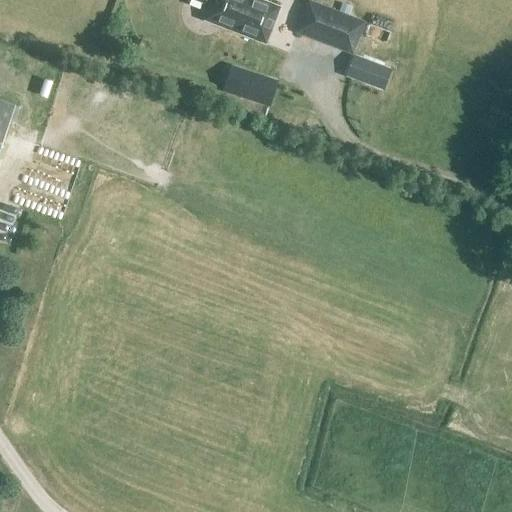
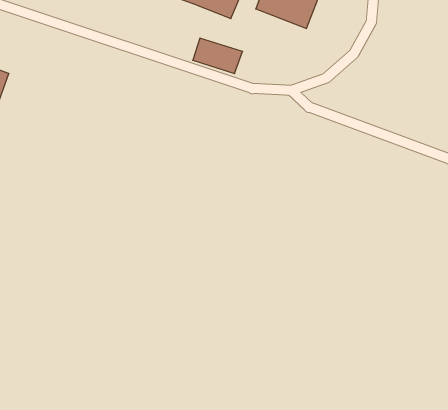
building: [348,52,383,84] -> none

